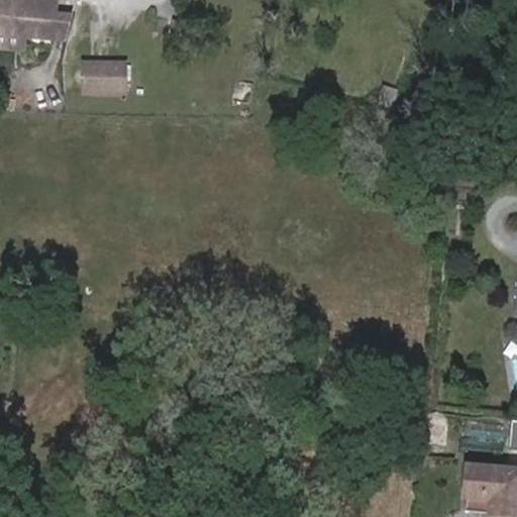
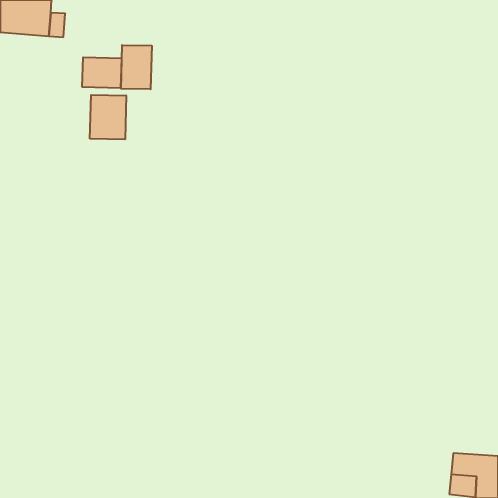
building: none -> [121,45,152,89]
building: none -> [90,95,126,139]

